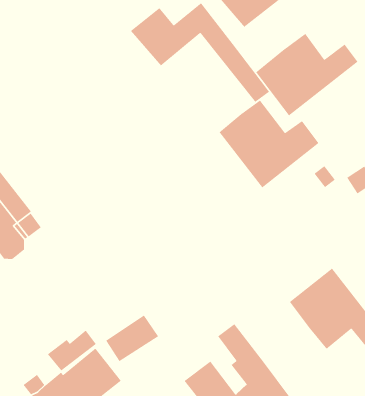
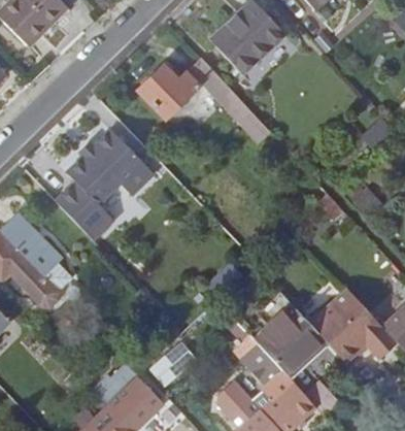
building: [255,33,358,116] -> none
building: none -> [55,131,153,228]
building: [218,99,320,189] -> none
building: none -> [252,304,327,377]

